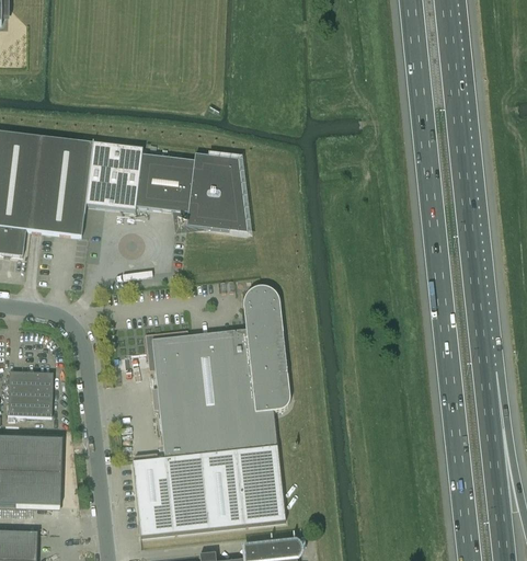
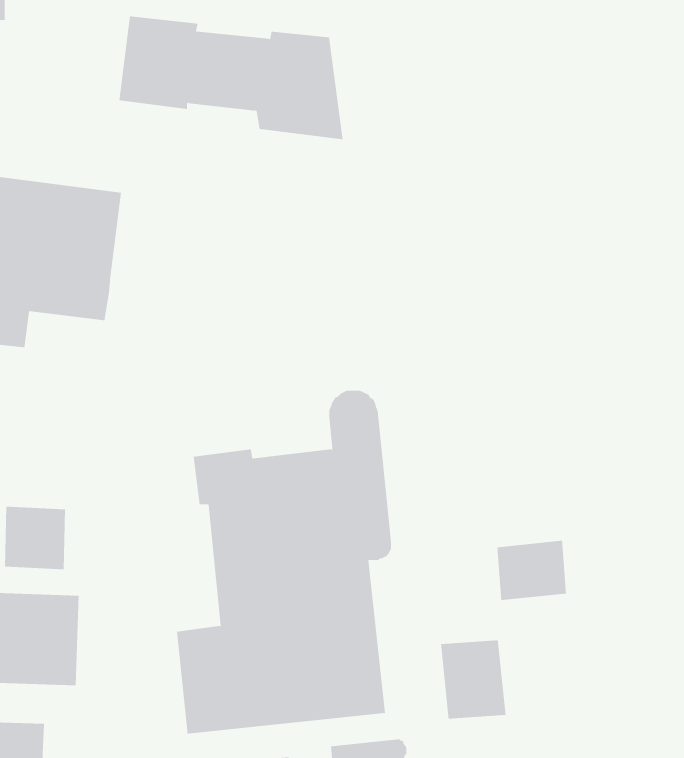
building: [85,142,249,232] -> [118,16,343,140]
building: none -> [497,540,566,601]
building: none -> [440,640,506,720]

